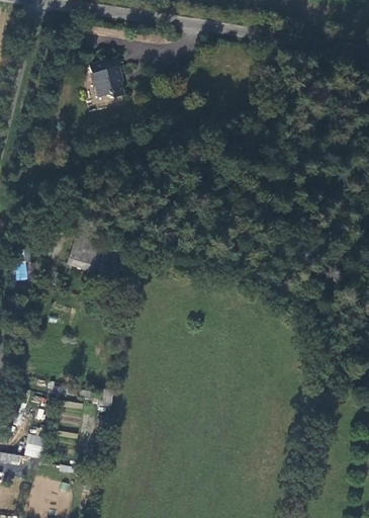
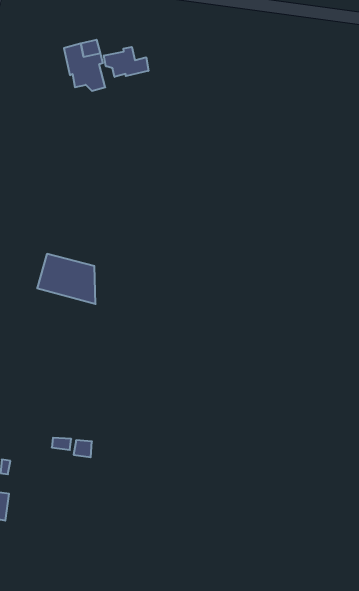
building: none -> [104,47,148,77]

